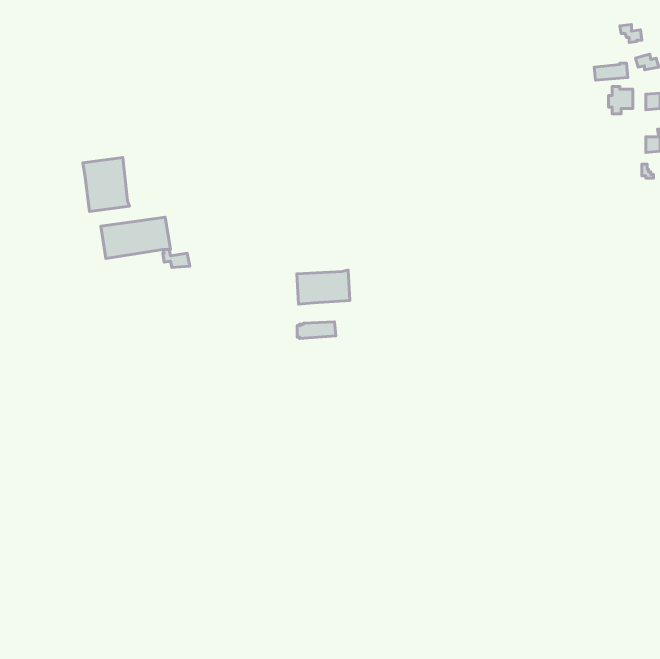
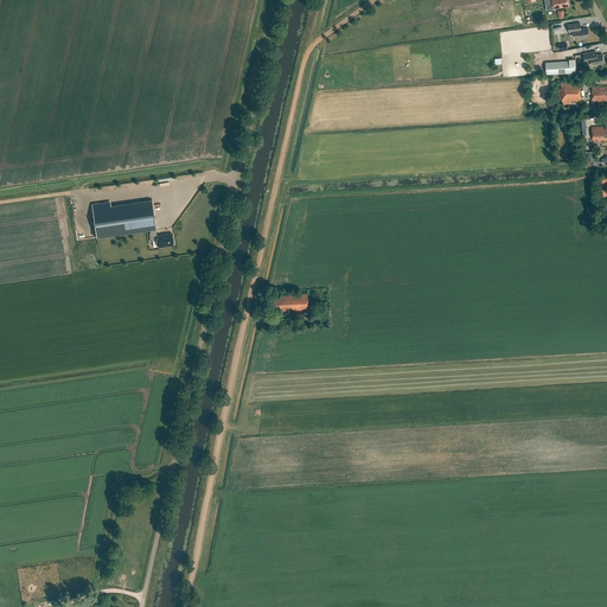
building: [83,158,130,211] -> none
building: [297,270,350,304] -> none

